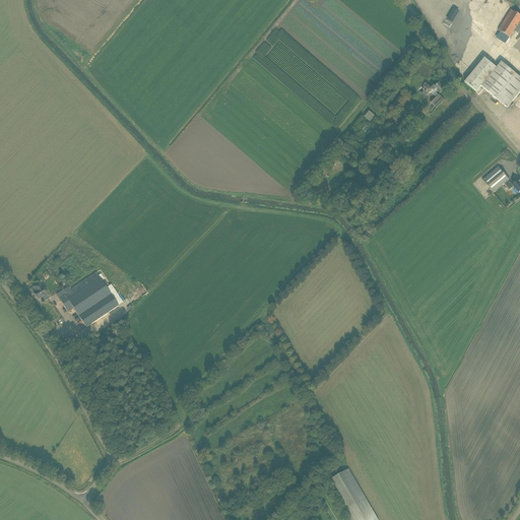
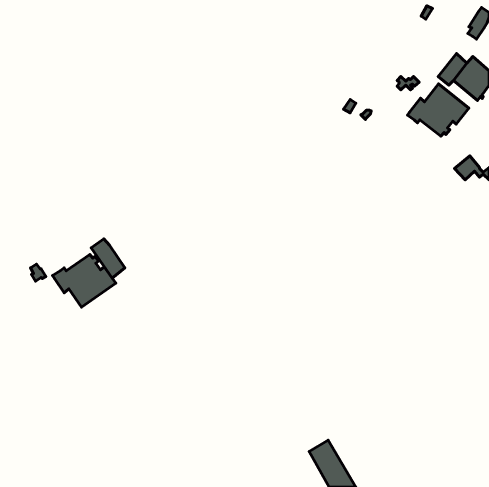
building: none -> [407,84,469,136]
building: none -> [91,239,125,278]

